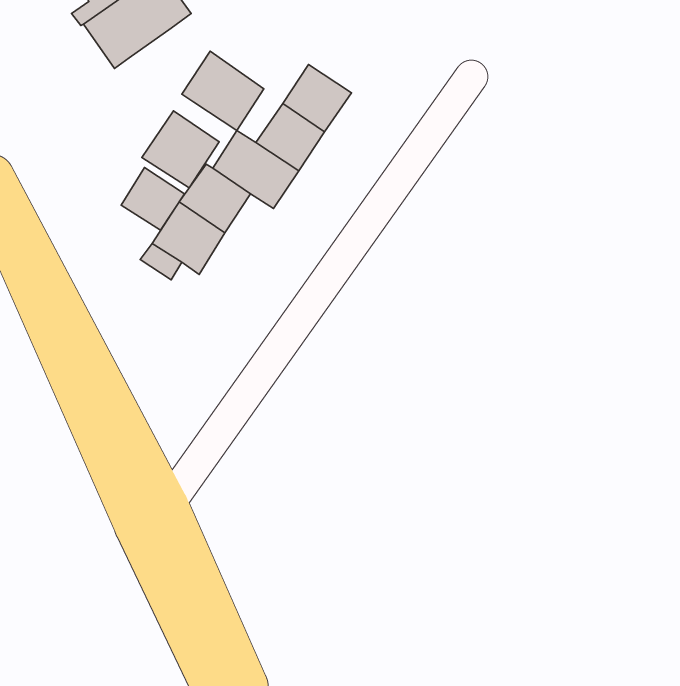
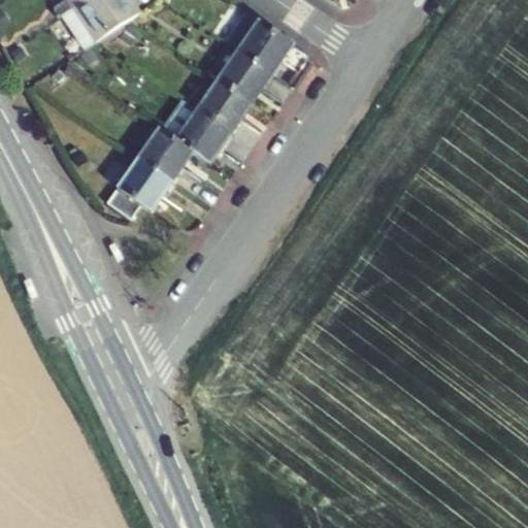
building: [182,51,264,130] -> [227,10,290,71]
building: [142,111,219,188] -> none
building: [121,168,184,230] -> none

